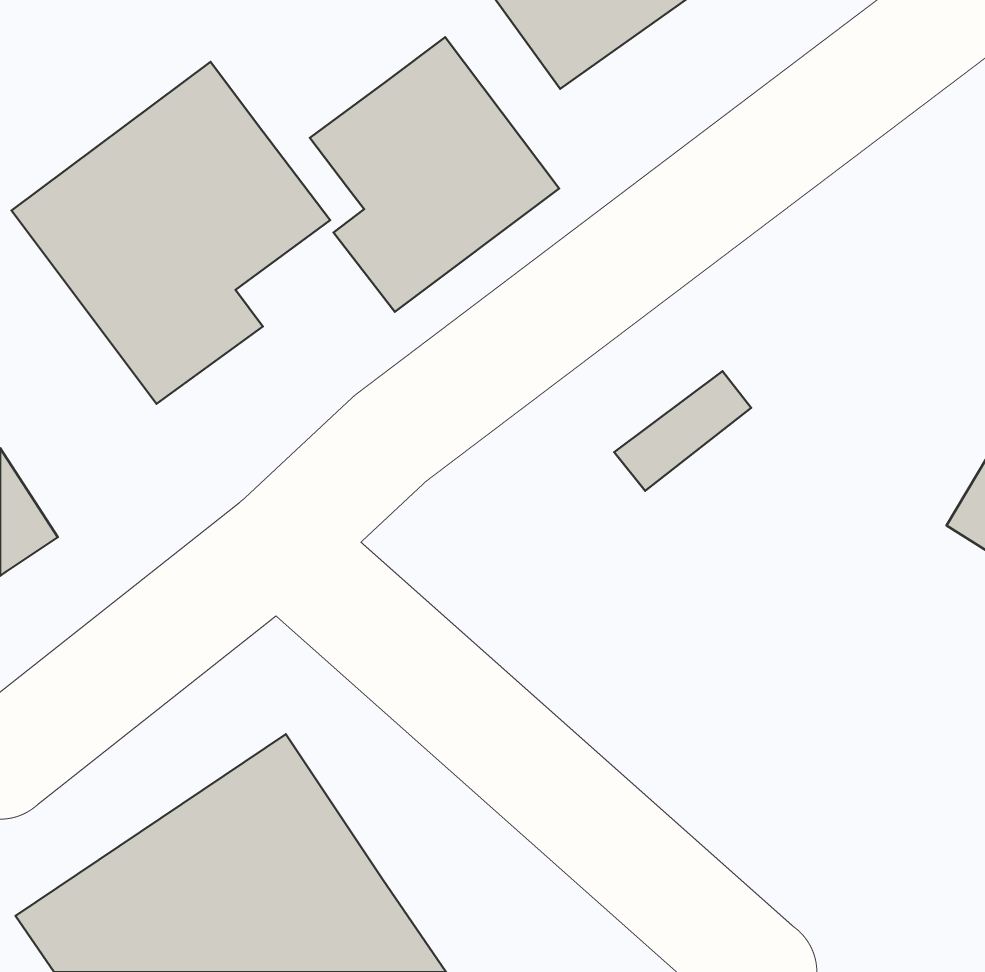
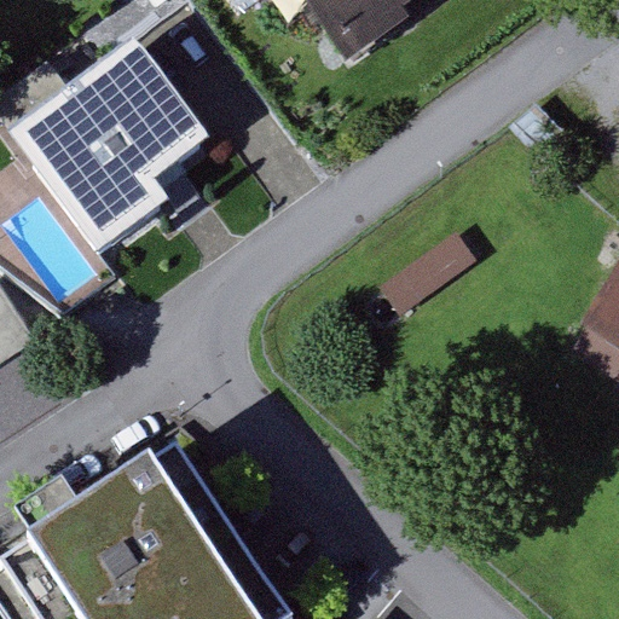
building: [310,37,559,312] -> none

